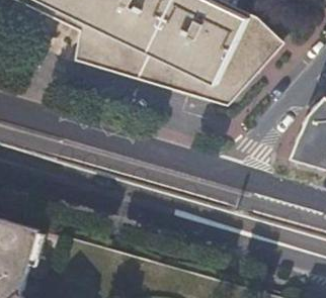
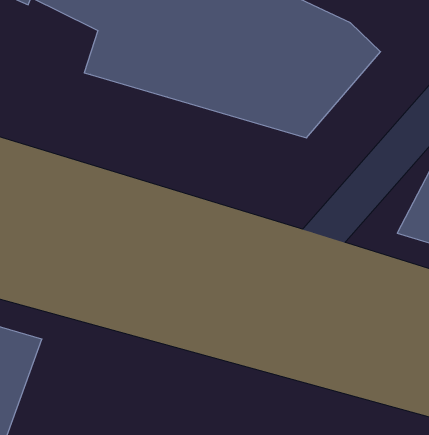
building: [78,38,282,107] -> none

